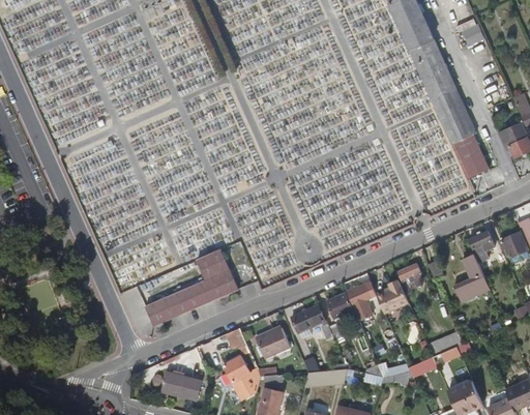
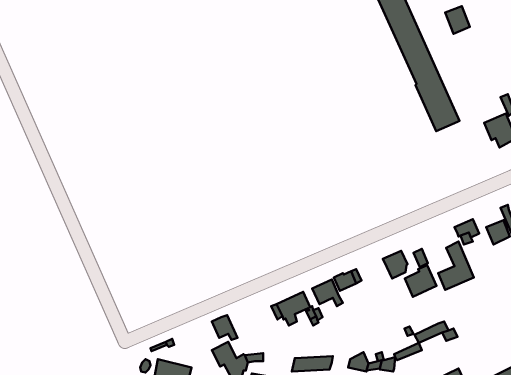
building: [449,132,485,175] -> none
building: [145,250,238,326] -> none
building: [375,283,407,315] -> [405,265,436,297]
building: [253,325,287,355] -> none

